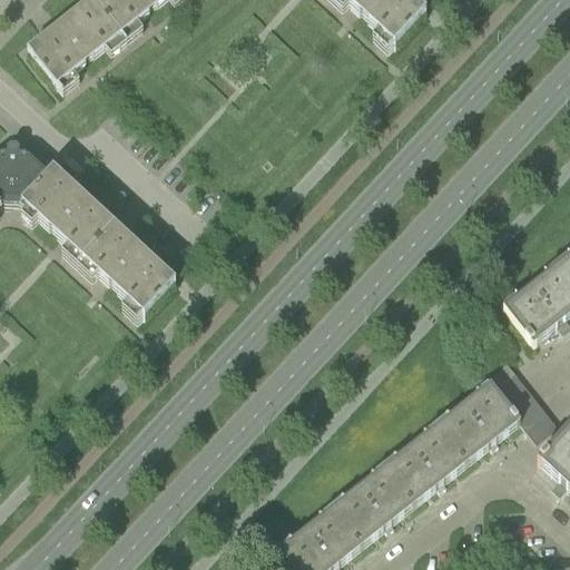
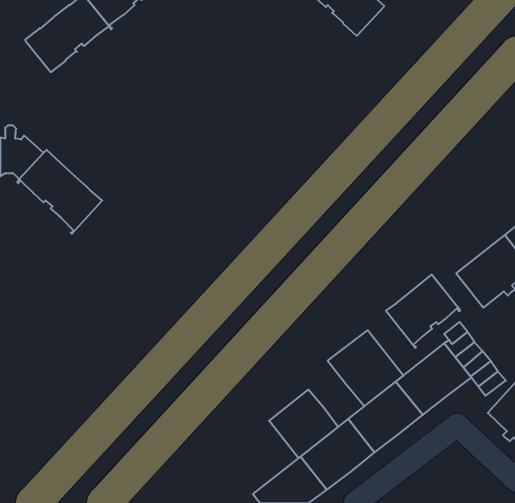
building: [81,220,175,309] -> none
building: none -> [386,275,460,348]
building: none -> [328,330,403,406]
building: none -> [269,390,338,458]

